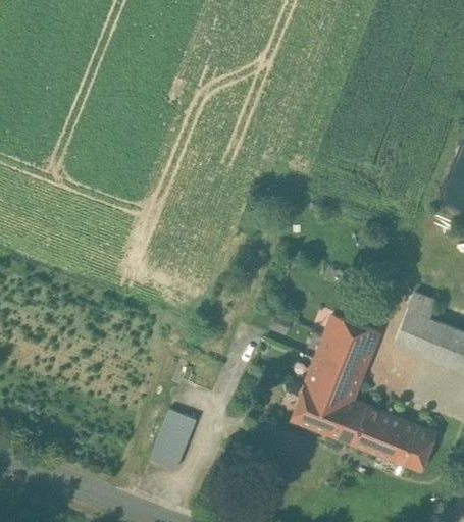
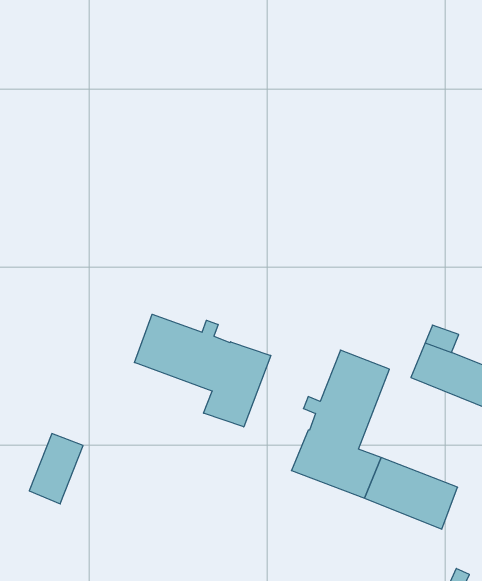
building: none -> [134,314,271,427]
building: [150,411,196,471] -> [29,434,83,504]

